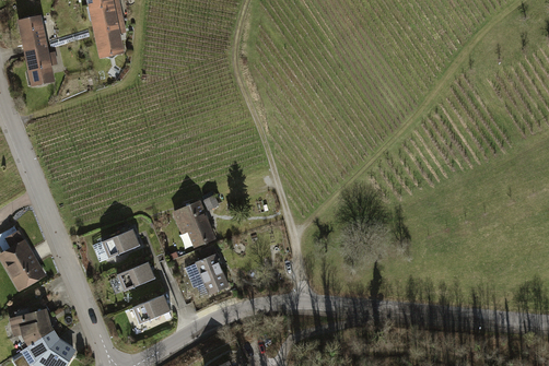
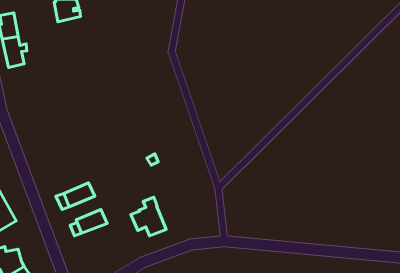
building: [94,22,124,58] -> none
building: [174,202,213,246] -> none
building: [132,295,171,324] -> none

